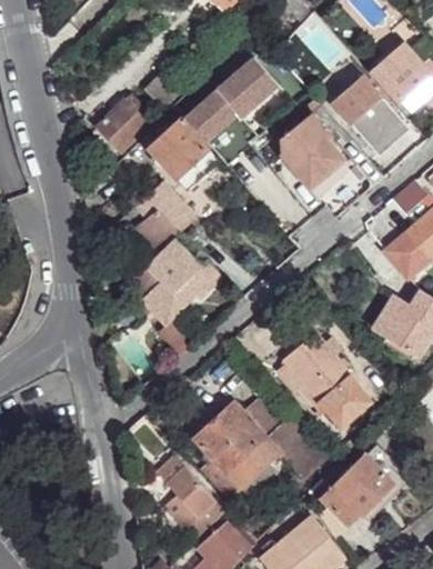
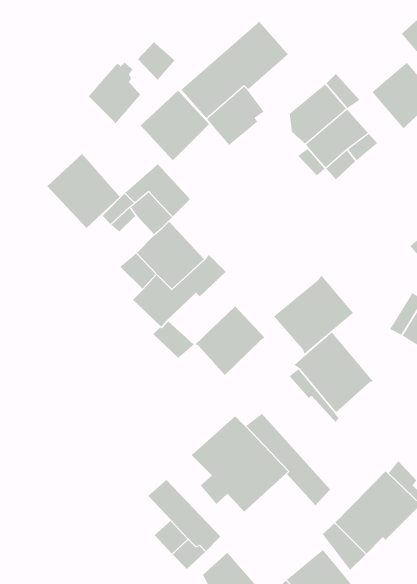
building: [334,76,381,120] -> none
building: none -> [47,153,121,229]
building: none -> [273,275,354,355]
building: none -> [195,306,265,376]
building: [319,373,364,418] -> none

